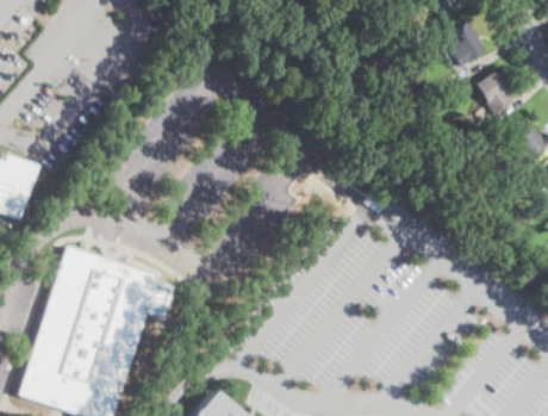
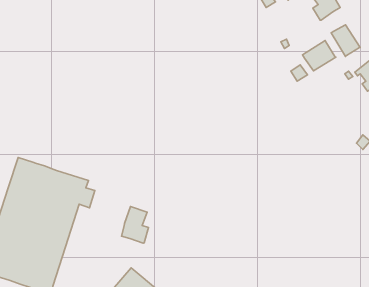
building: none -> [303,40,336,71]
building: none -> [121,207,149,243]

